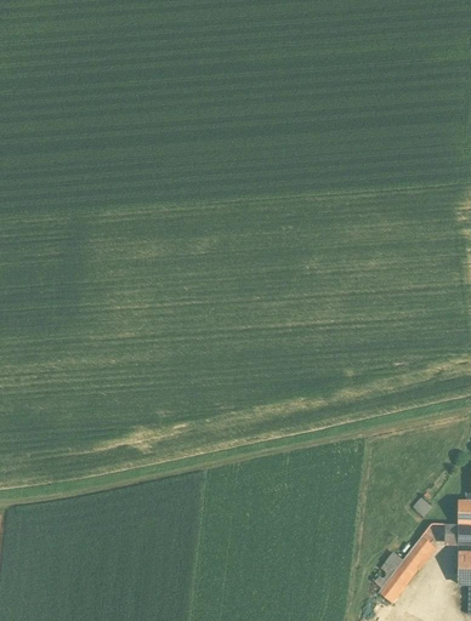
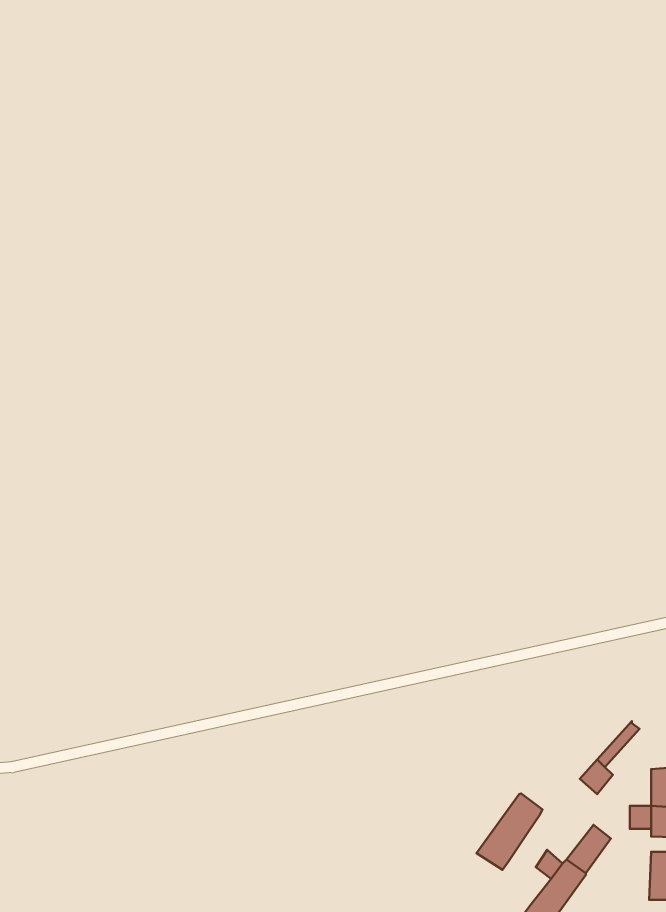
building: none -> [477,794,542,870]

